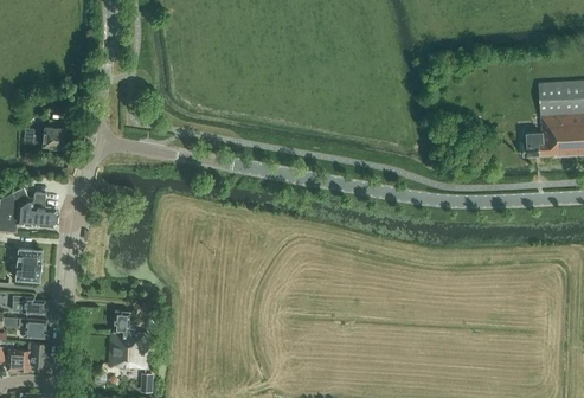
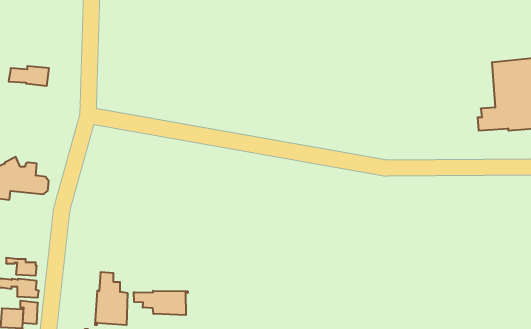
building: [24,128,68,149] -> [9,66,49,86]
building: [15,249,43,282] -> none
building: none -> [134,291,188,315]

